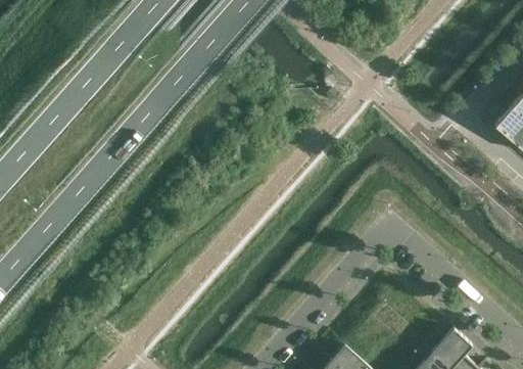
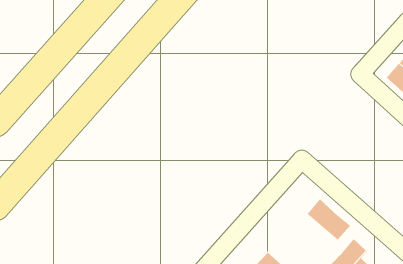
building: none -> [307,199,351,241]

